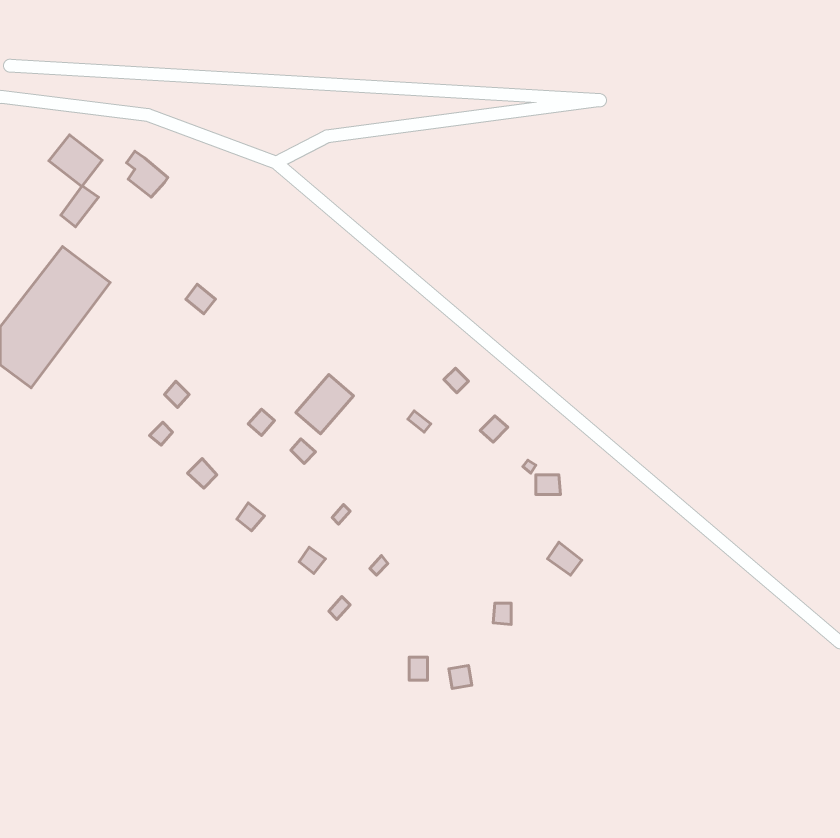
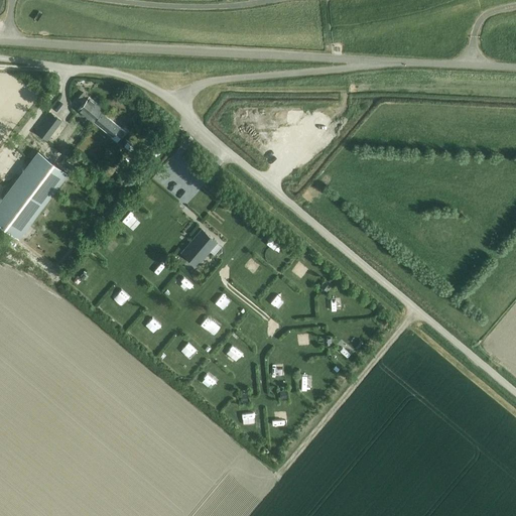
building: [49,135,102,186] -> none
building: none -> [93,113,126,144]

